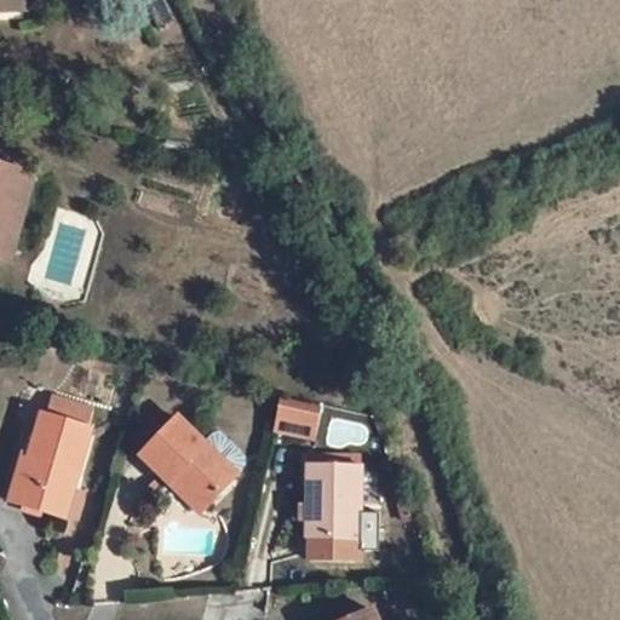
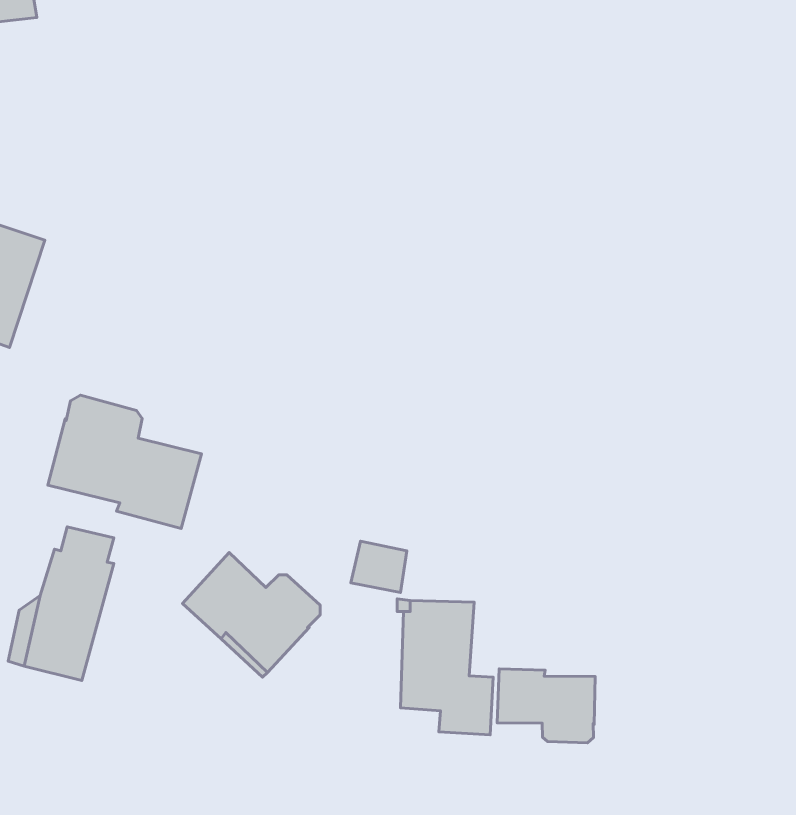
building: none -> [48,395,201,528]
building: none -> [497,669,595,743]

